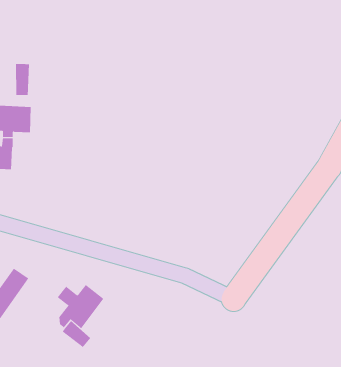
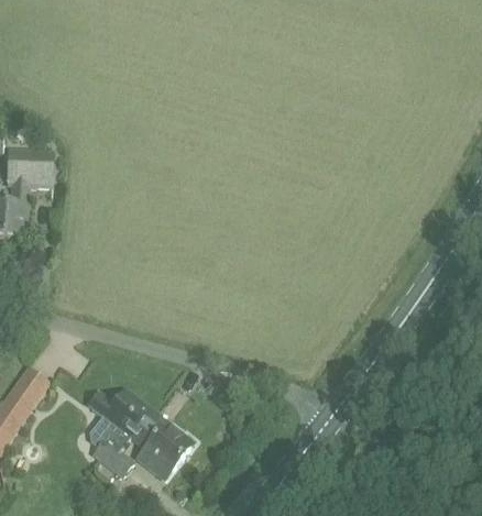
building: [15,63,30,96] -> none
building: none -> [130,409,193,480]

